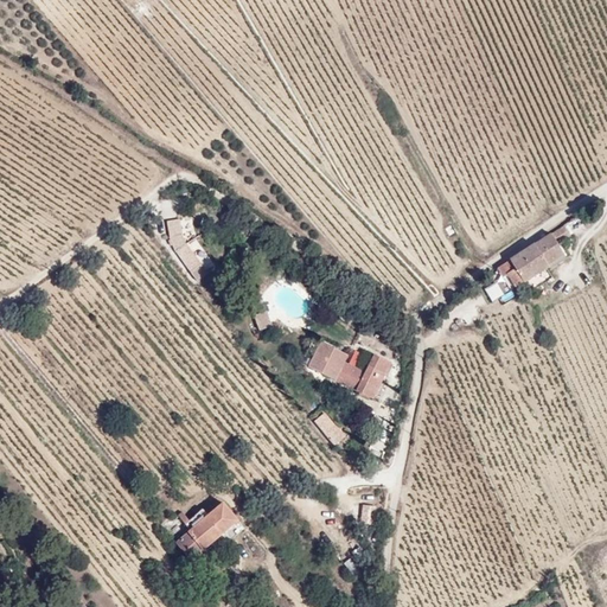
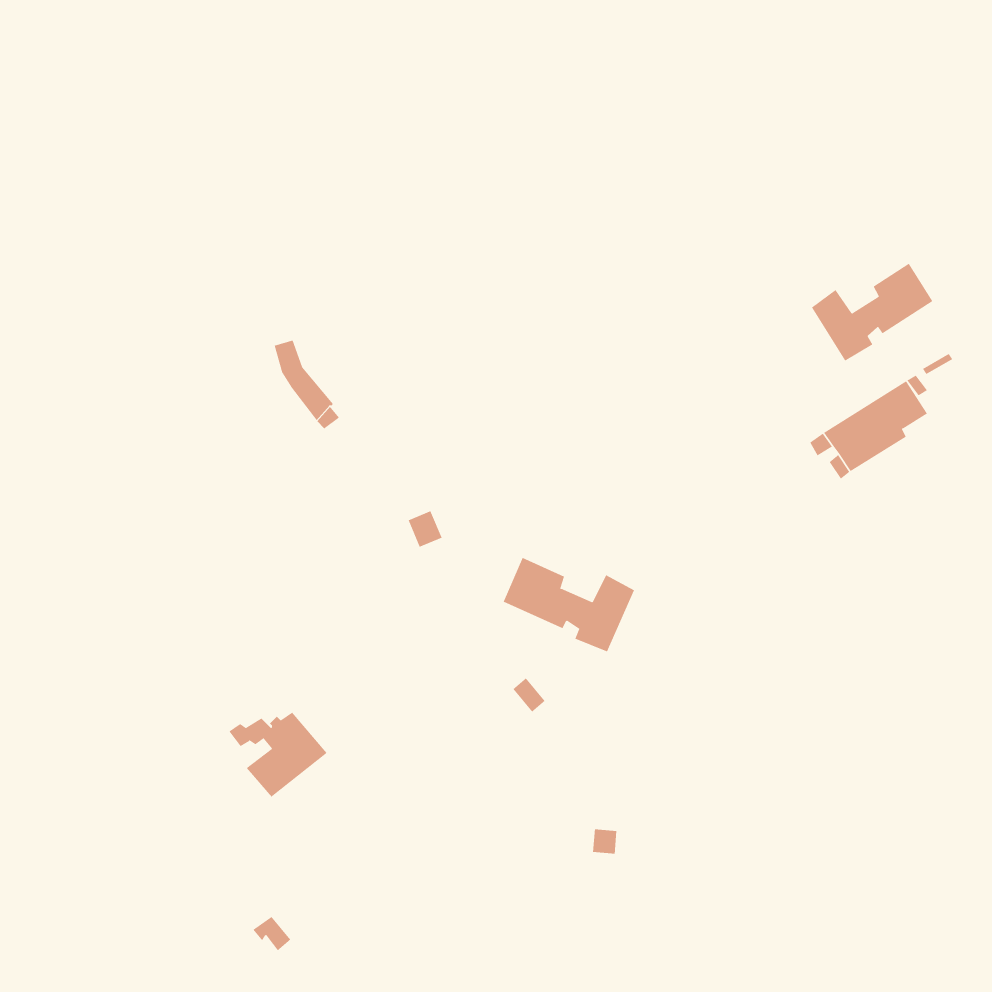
building: none -> [811,263,933,361]
building: [167,505,228,557] -> [228,712,327,797]

